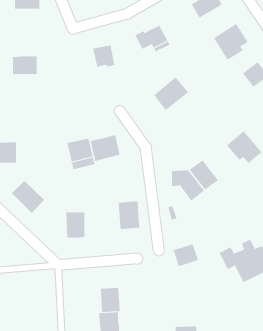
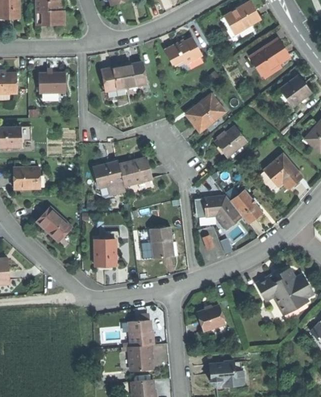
building: none -> [101,65,125,92]
building: none -> [214,127,245,157]
building: [173,243,199,267] -> [197,306,225,331]

